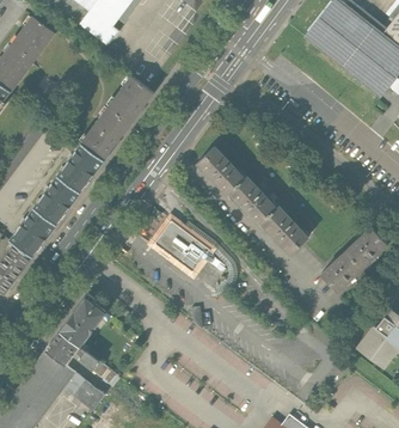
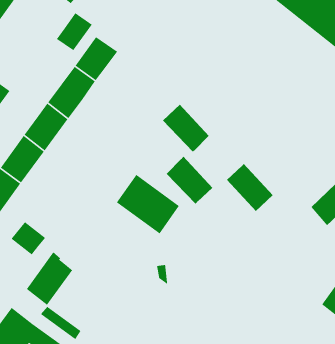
building: none -> [56,12,93,51]
building: [228,176,276,225] -> [166,156,213,205]
building: [319,250,362,292] -> none
building: [44,332,80,367] -> [11,221,46,256]

